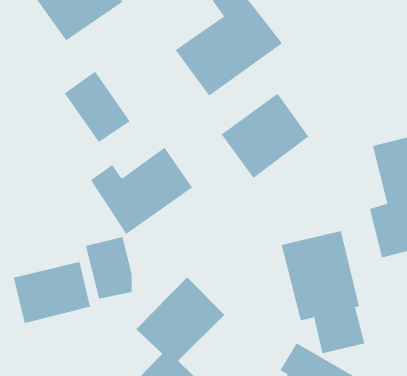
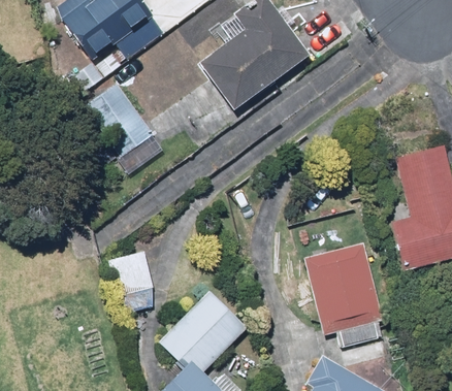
building: [221,93,309,179] -> none
building: [90,147,193,235] -> none
building: [13,261,91,324] -> none

